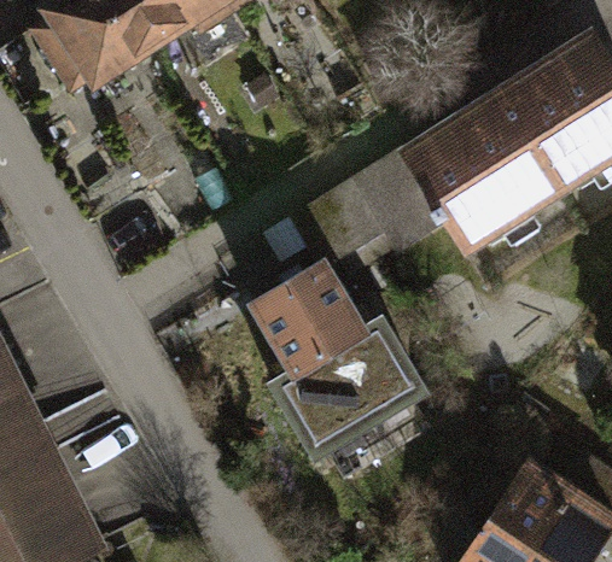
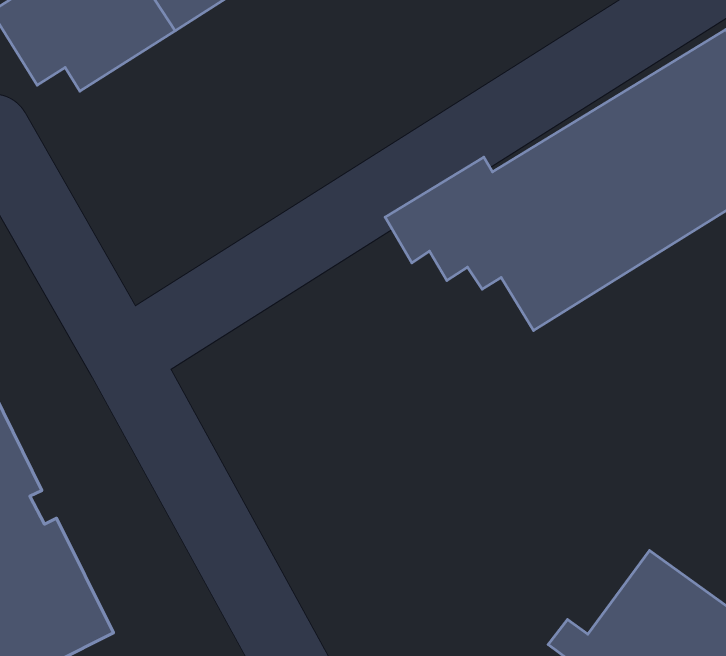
building: [250,259,431,466] -> none

